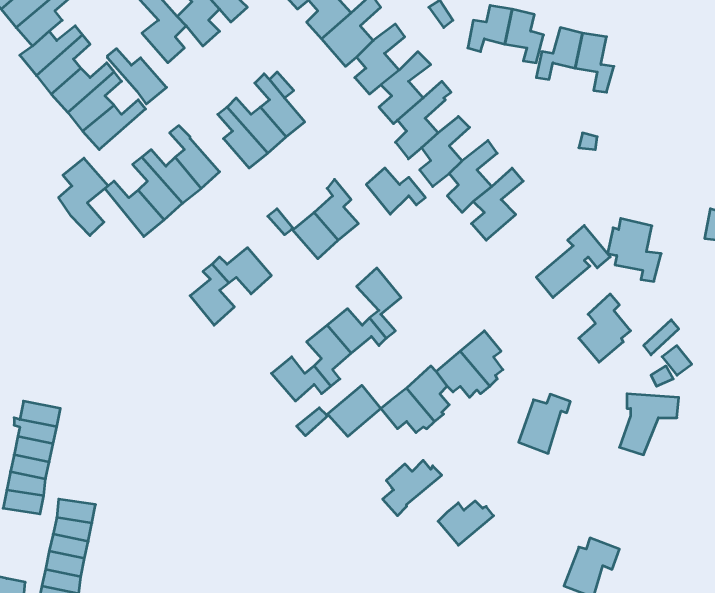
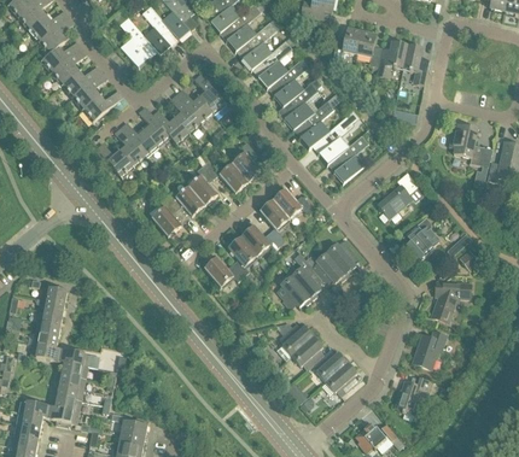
building: [107,49,167,104] -> [151,109,189,145]
building: [59,158,108,236] -> none
building: [366,168,425,214] -> [273,188,311,218]
building: none -> [188,165,216,204]
building: [608,218,661,281] -> [448,123,483,164]
building: [297,385,381,436] -> none
building: [519,394,570,453] -> [412,330,445,369]
building: none -> [292,334,322,369]
building: none -> [326,361,356,396]

